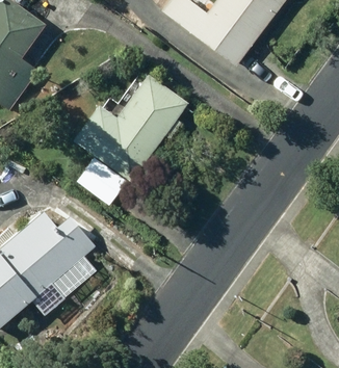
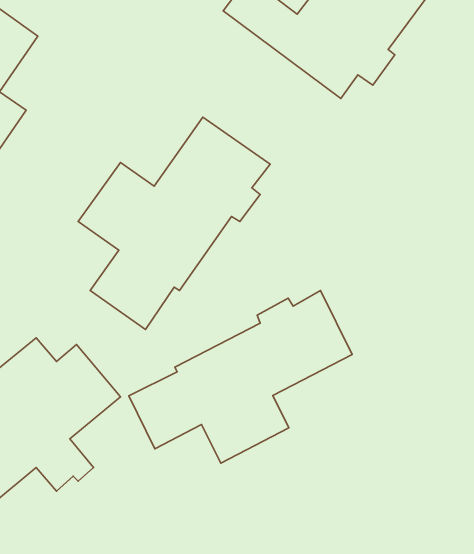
building: none -> [129,290,352,463]

